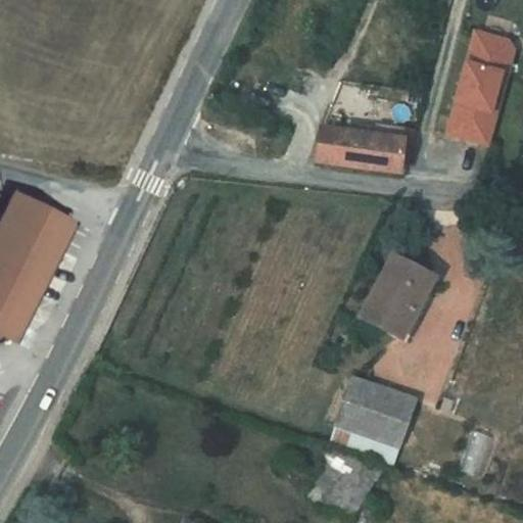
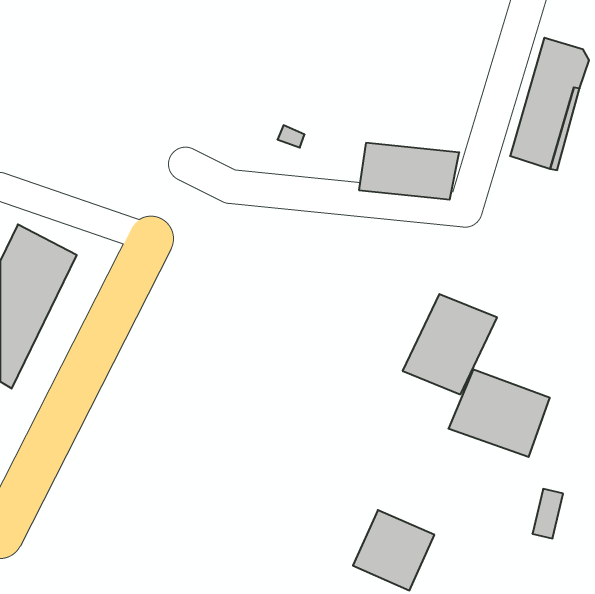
building: [329,373,417,448] -> [448,370,550,457]

